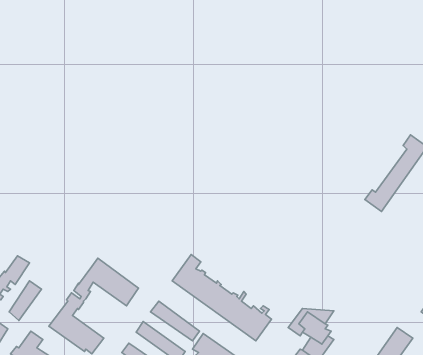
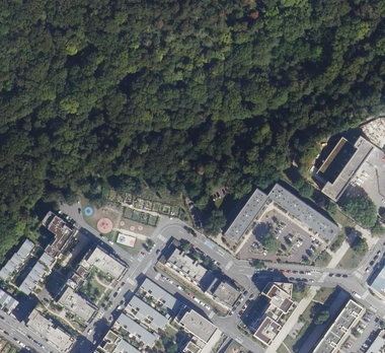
building: none -> [315,137,357,185]
building: none -> [225,182,340,241]
building: none -> [41,209,77,263]

